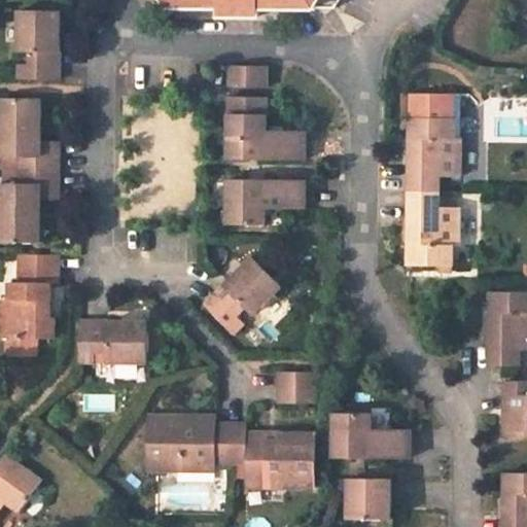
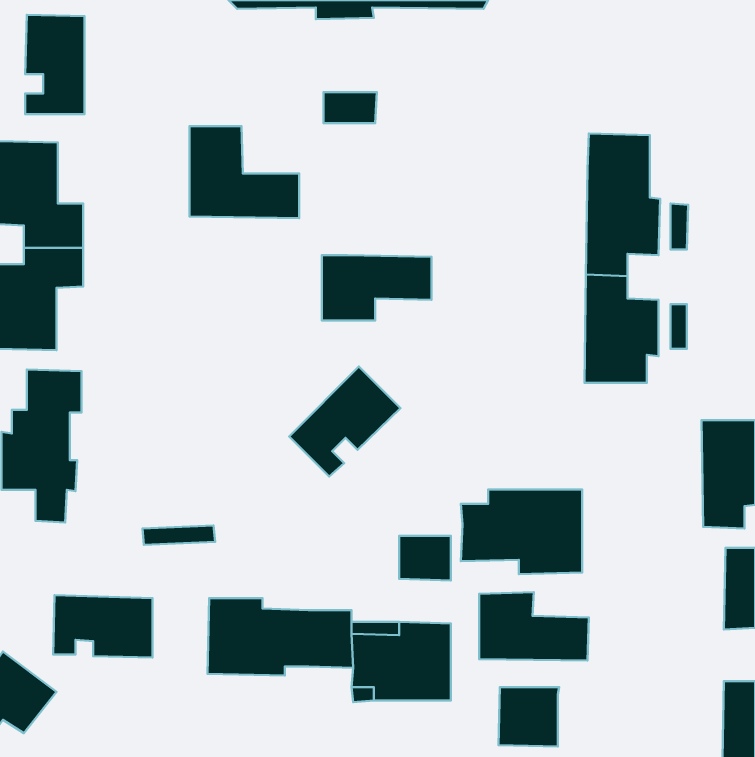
building: [224,96,301,160] -> [190,126,299,218]
building: [76,320,145,363] -> [53,595,152,658]
building: none -> [461,490,582,574]

